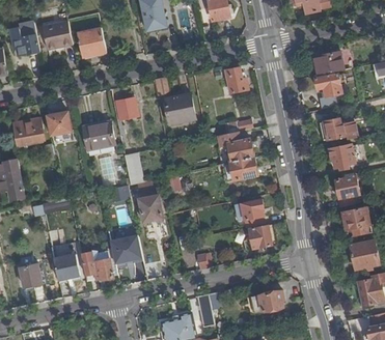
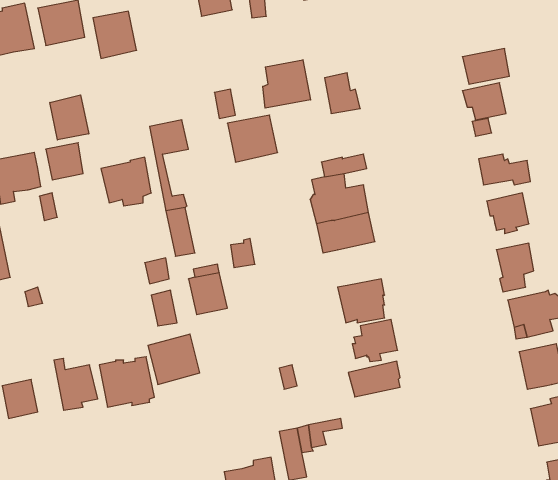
building: none -> [263,60,311,108]
building: none -> [50,95,89,140]
building: [250,289,283,312] -> [348,361,400,397]

